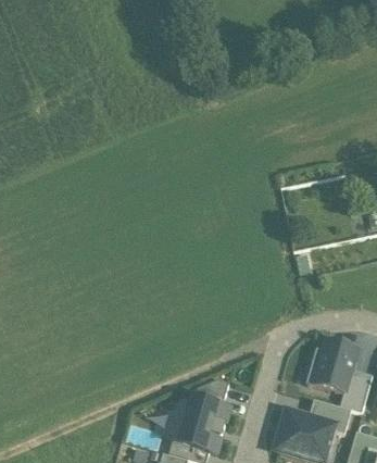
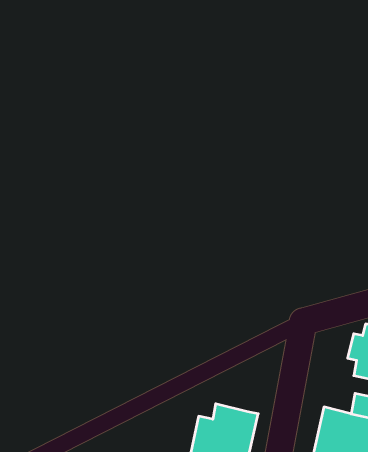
building: [193,379,228,408] -> none

